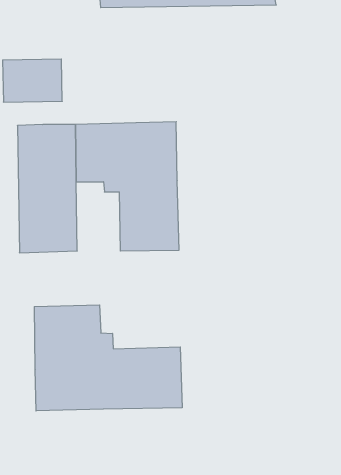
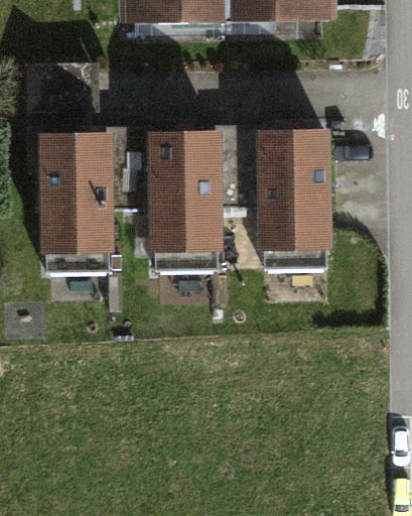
building: none -> [216,131,326,269]
building: [34,305,182,411] -> none

